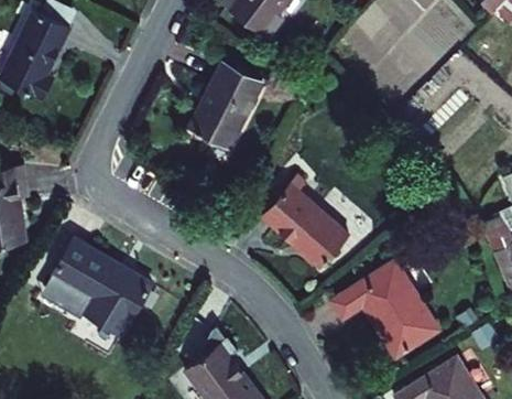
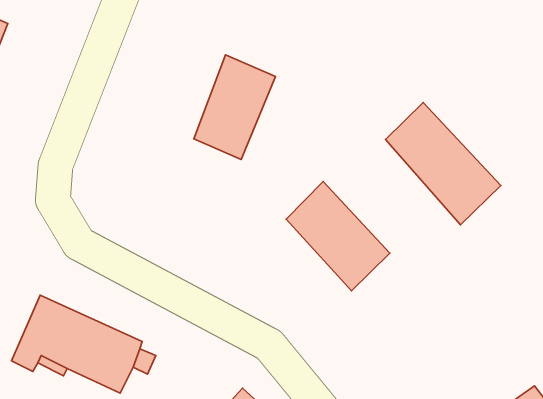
building: none -> [386,102,501,225]
building: [335,259,439,353] -> none

